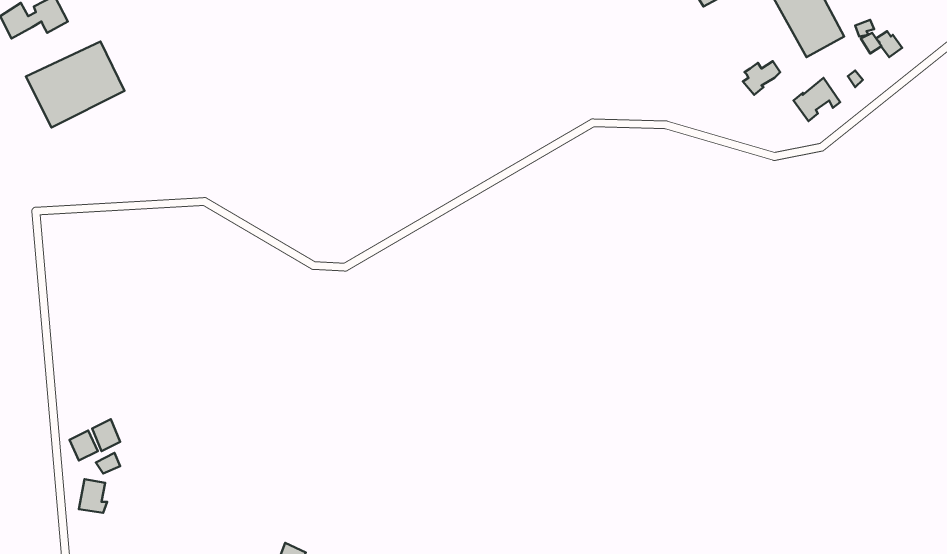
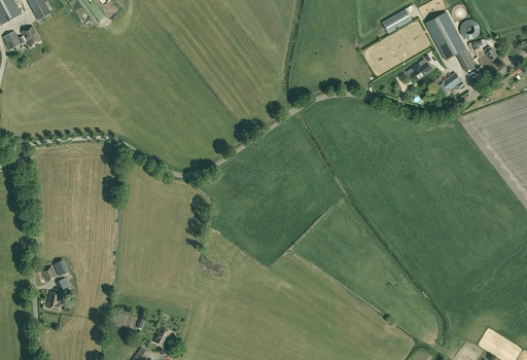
building: [26,42,124,127] -> none

